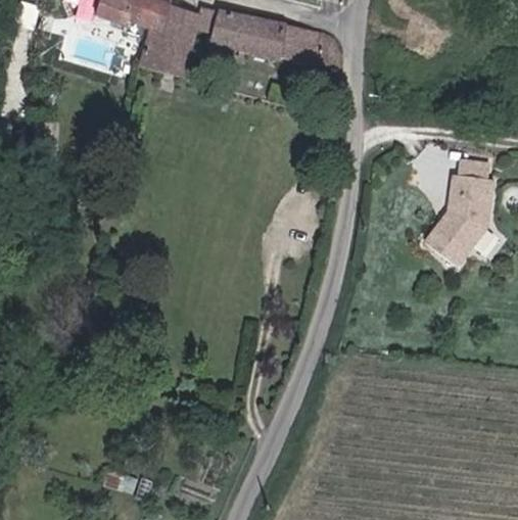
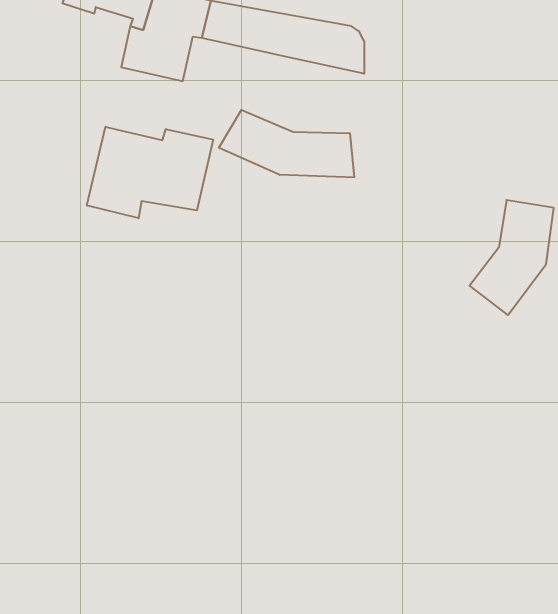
building: none -> [219,110,354,177]
building: none -> [87,127,213,218]

